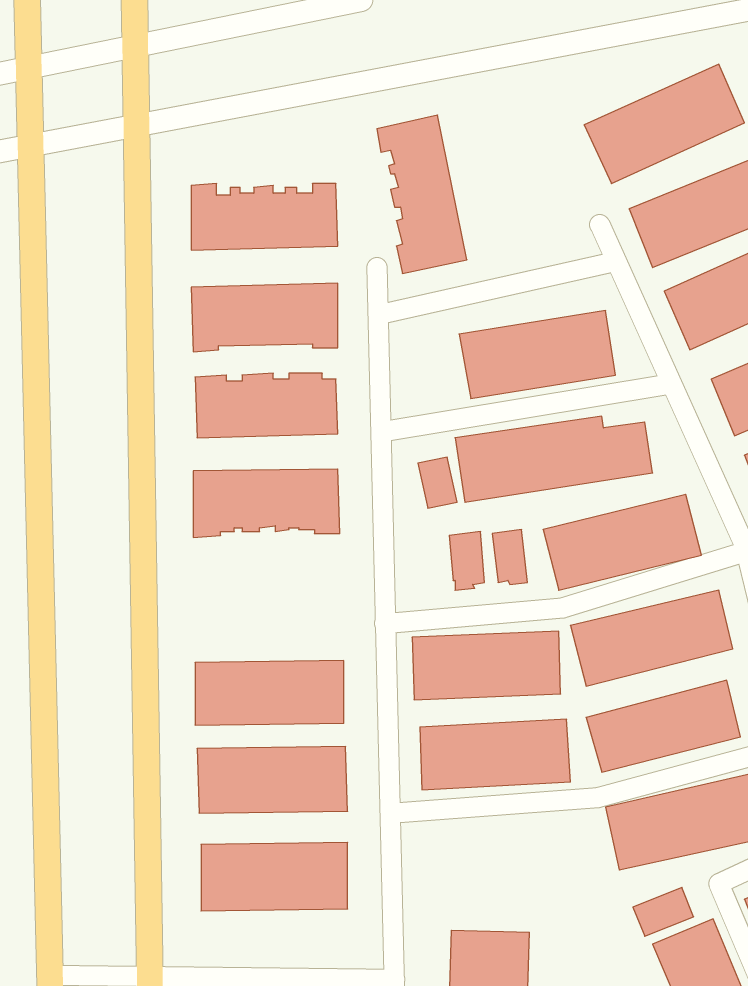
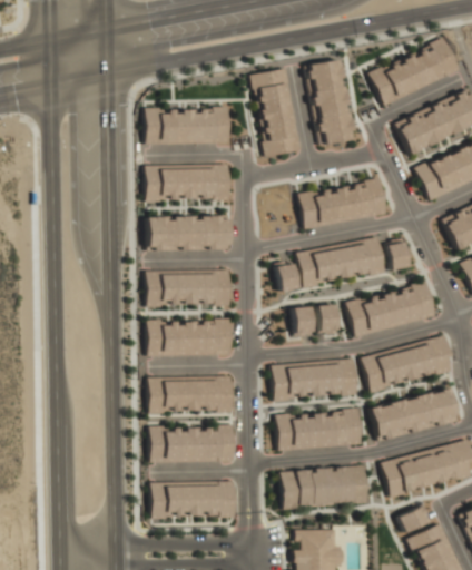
building: none -> [307,59,354,146]
building: none -> [148,316,232,355]
building: none -> [279,465,368,511]

